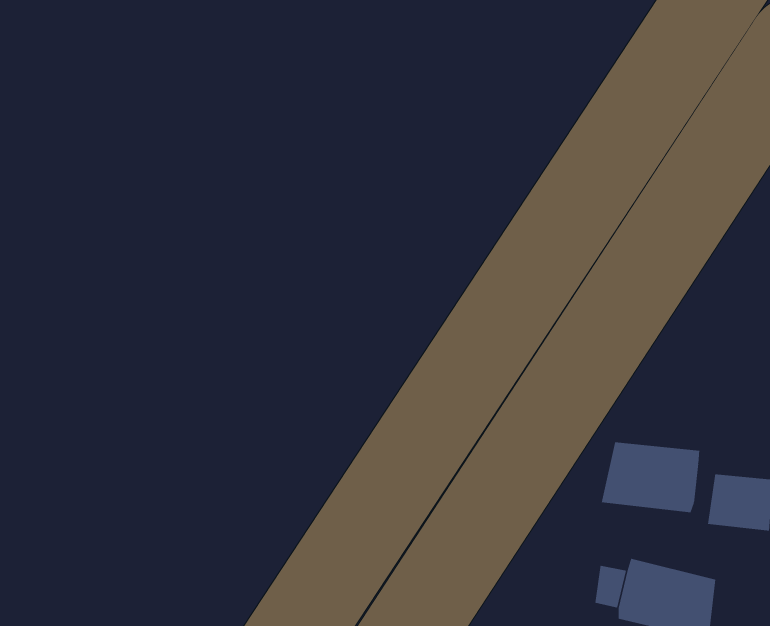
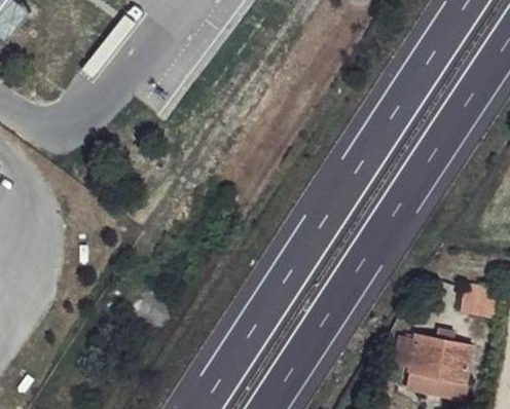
building: [601,442,700,513] -> none

